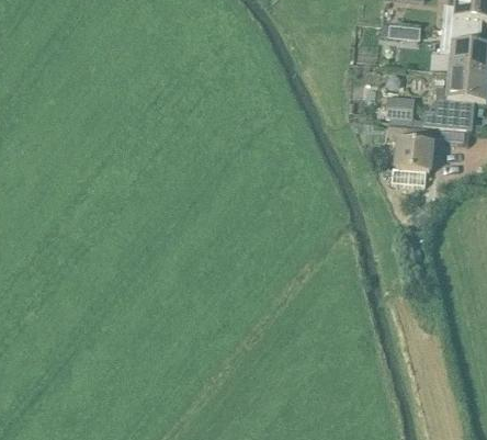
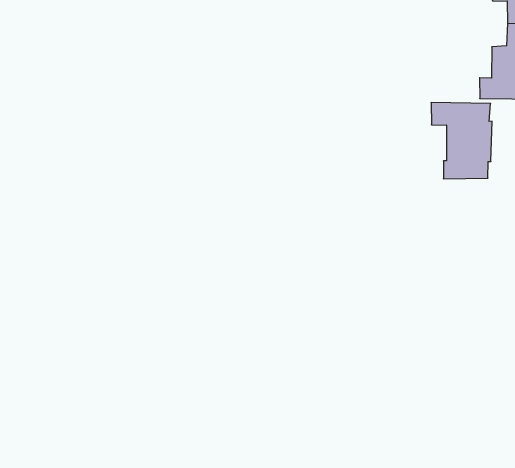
building: [387,95,416,121] -> none

